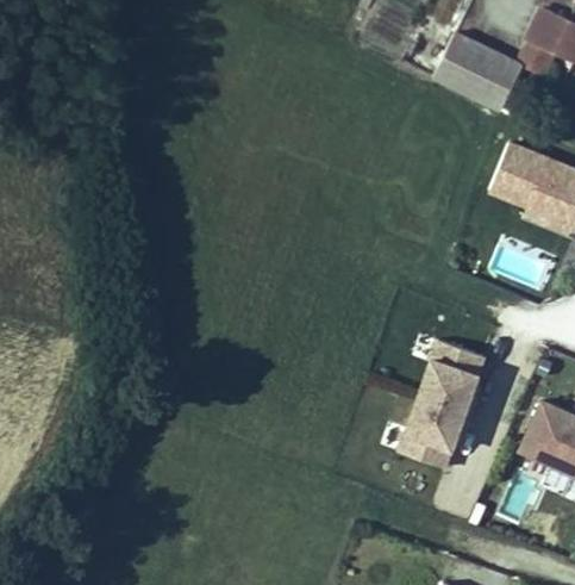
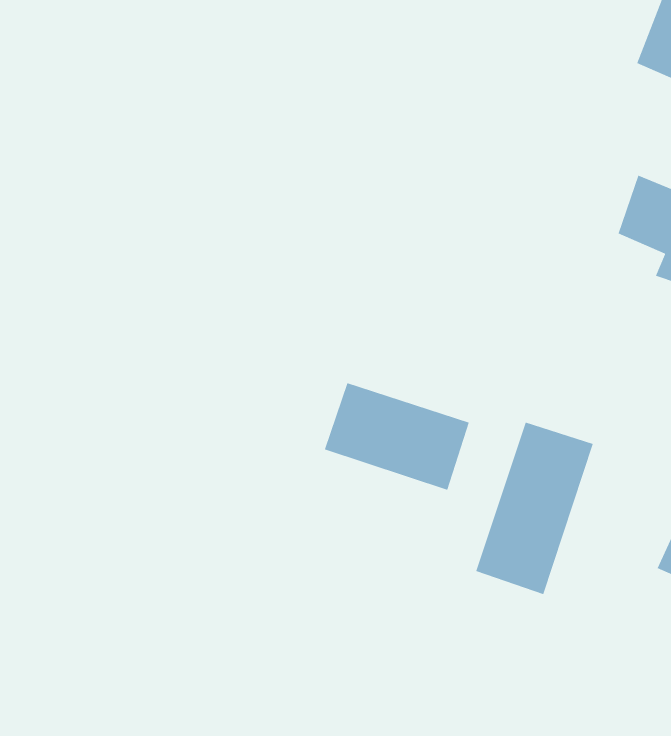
building: [432,30,521,110] -> none
building: none -> [324,382,470,491]

